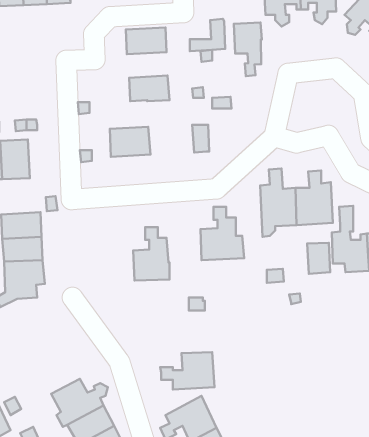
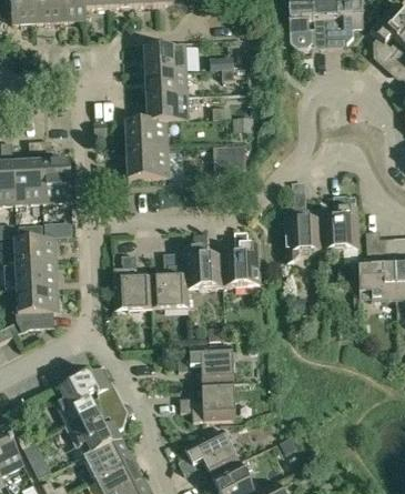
building: [234,23,262,76] -> none
building: none -> [144,70,186,97]
building: none -> [124,120,166,150]
building: none -> [41,160,71,201]
building: none -> [184,233,222,289]
building: none -> [113,253,152,310]
building: [307,243,330,274] -> none
building: none -> [178,345,233,383]
building: none -> [53,372,110,425]

